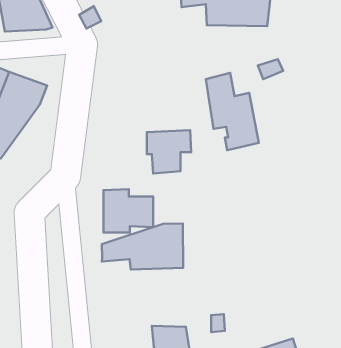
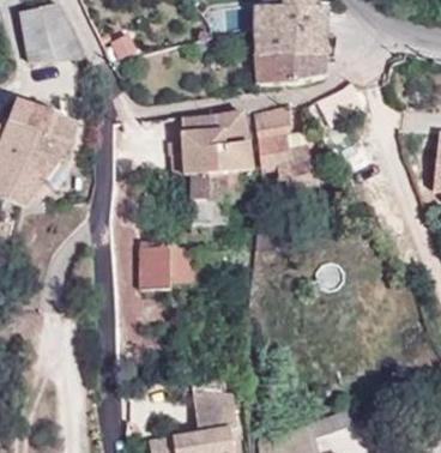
building: none -> [256,54,326,84]
building: none -> [169,113,253,176]
building: [102,223,183,270] -> none

